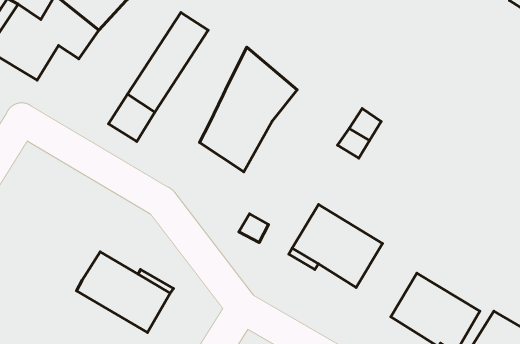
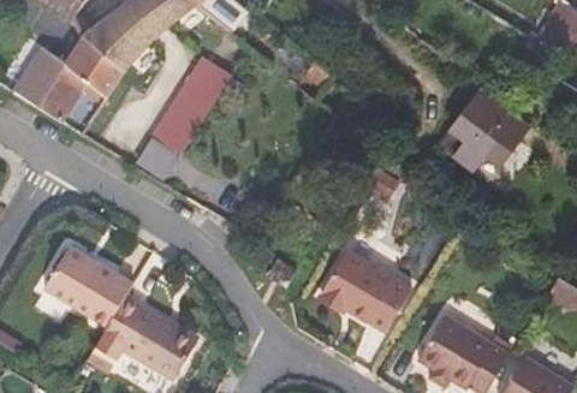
building: none -> [448,88,529,169]
building: [199,47,297,172] -> none
building: none -> [42,244,133,324]

